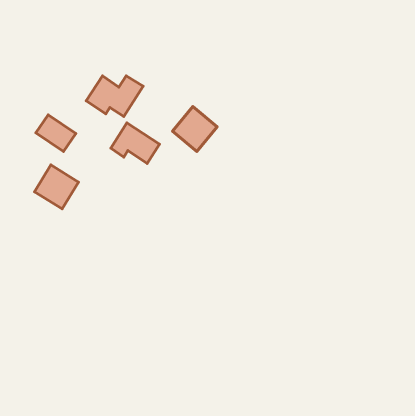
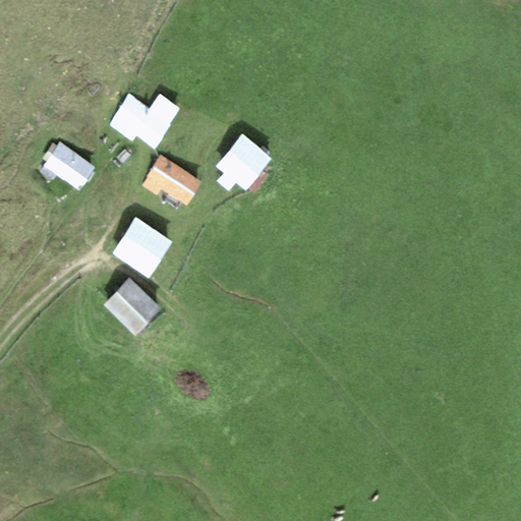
building: [35,165,79,209] -> [114,220,169,275]
building: none -> [104,280,160,335]

